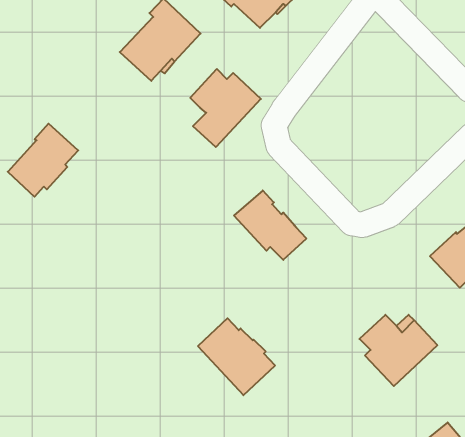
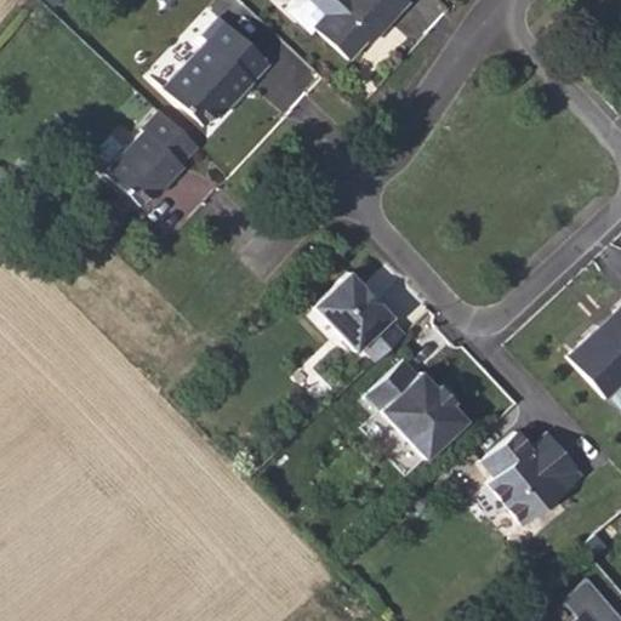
building: [190,69,261,147] -> none
building: [8,124,78,197] -> [108,112,200,207]
building: [198,318,275,395] -> [366,359,467,460]

